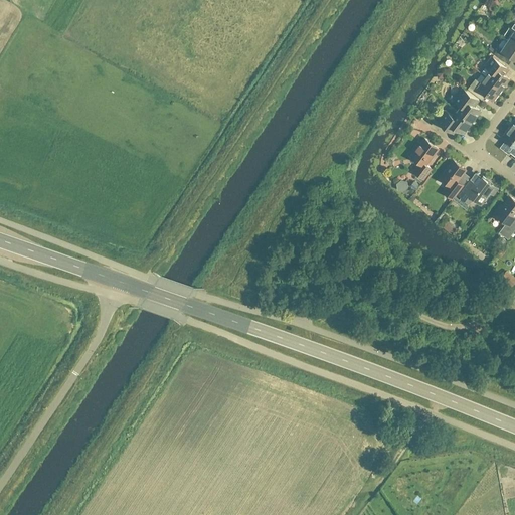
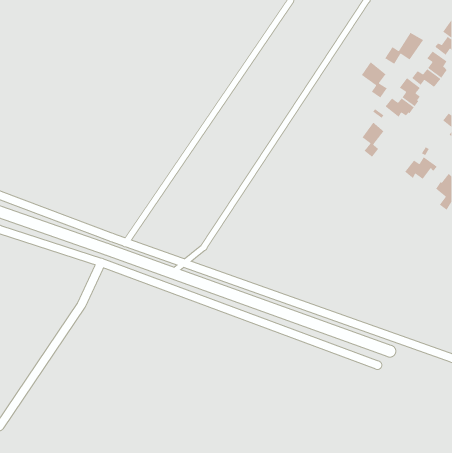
building: none -> [384,32,424,65]
building: none -> [361,61,388,99]
building: [439,160,465,199] -> none

